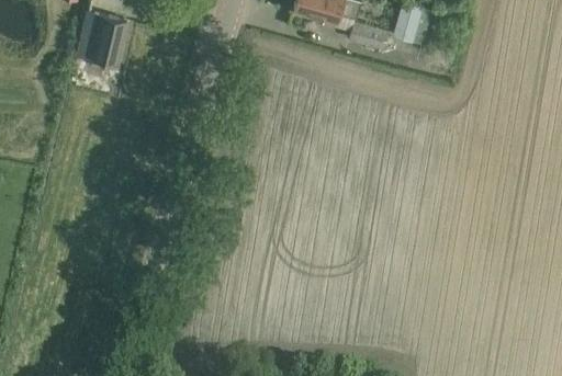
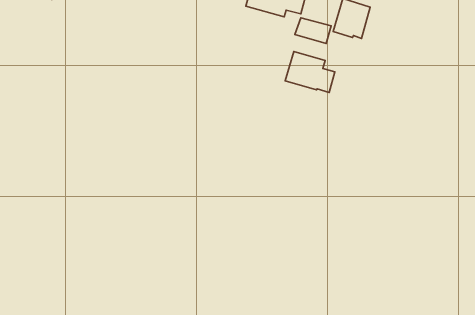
building: [78,14,127,65] -> none
building: none -> [285,52,335,92]

